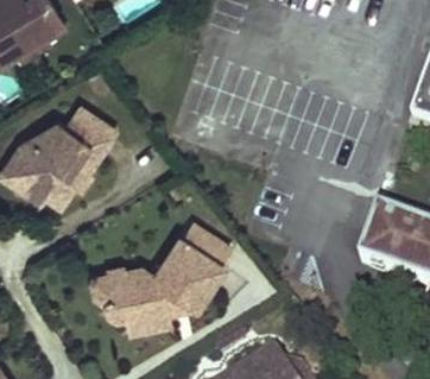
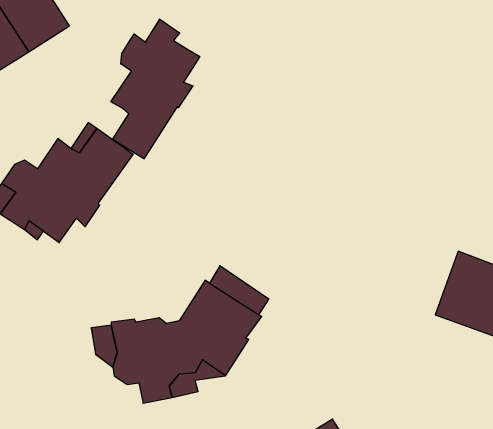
building: none -> [111,19,200,159]

